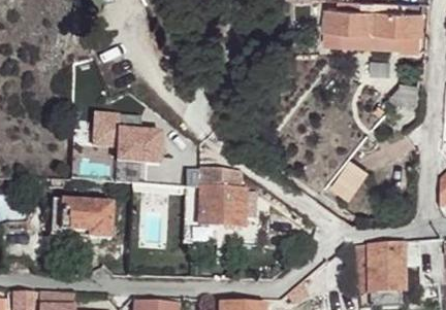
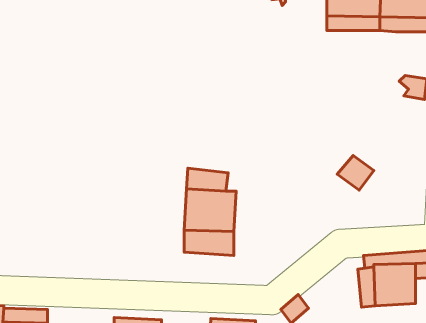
building: [110,114,160,164] -> none
building: [50,195,115,239] -> none

